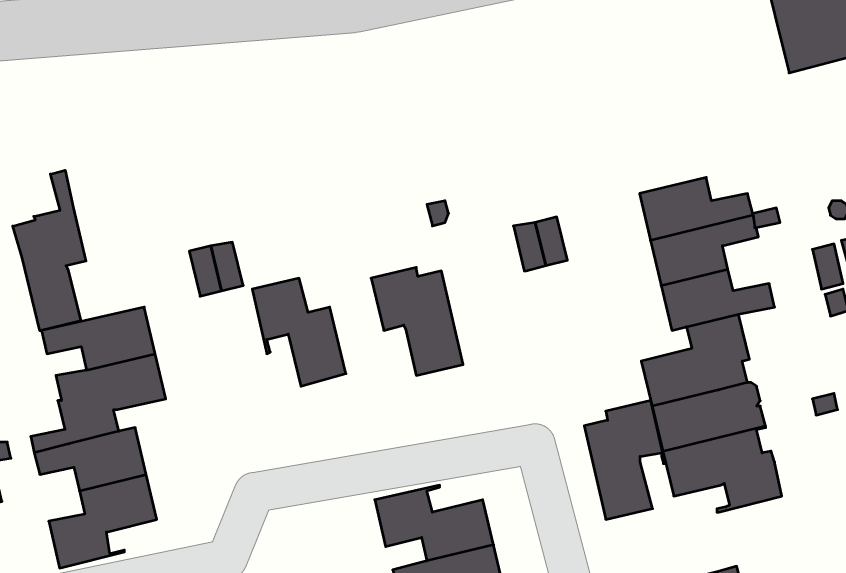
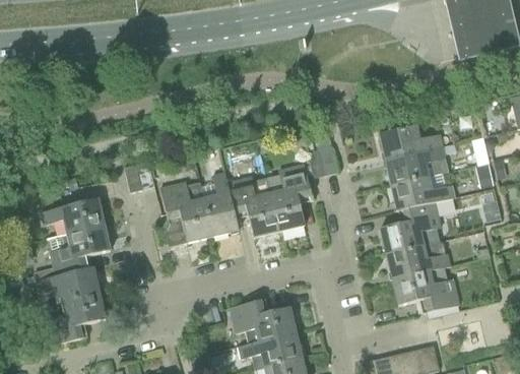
building: [13,170,86,331] -> none
building: none -> [204,172,239,235]
building: [584,401,665,519] -> [267,163,313,230]

